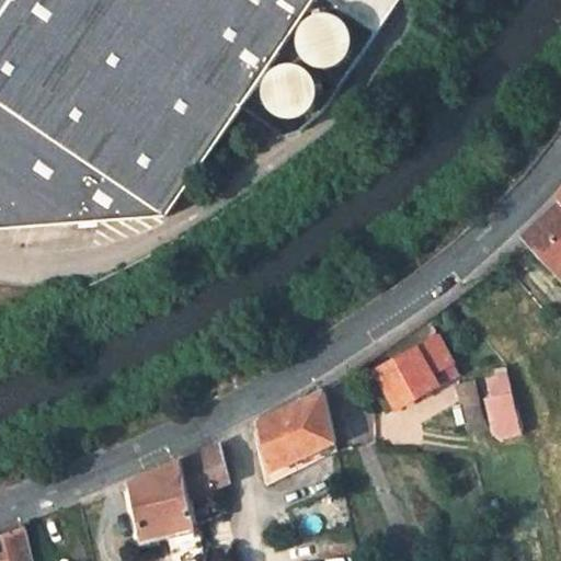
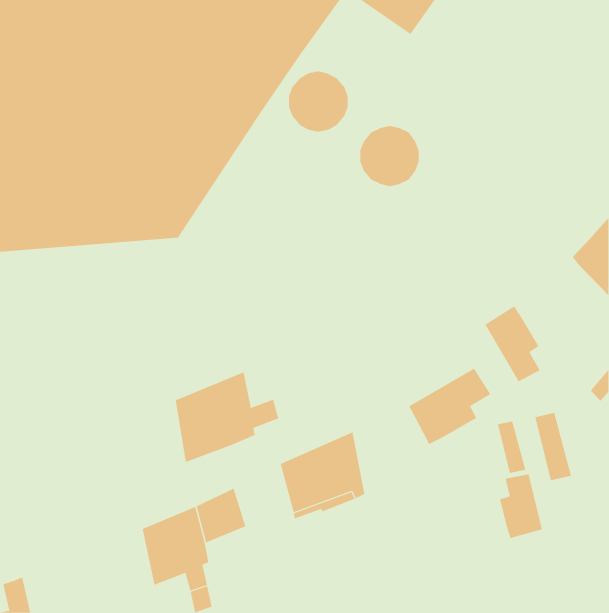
building: [297,14,352,70] -> [359,125,420,187]
building: none -> [485,305,541,382]
building: none -> [175,372,279,463]
building: none -> [499,473,543,539]

